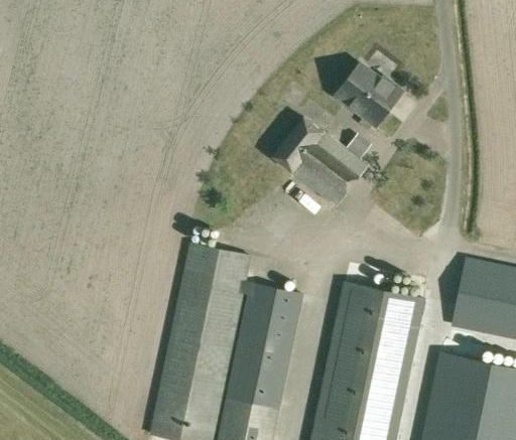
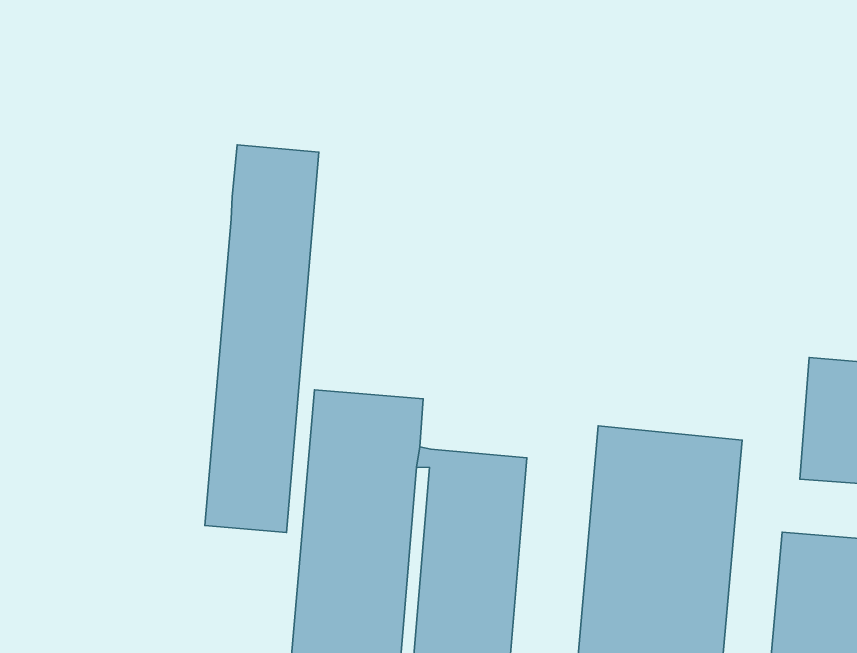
building: [336,64,403,127] -> none
building: none -> [205,145,319,533]
building: [273,117,368,206] -> none

